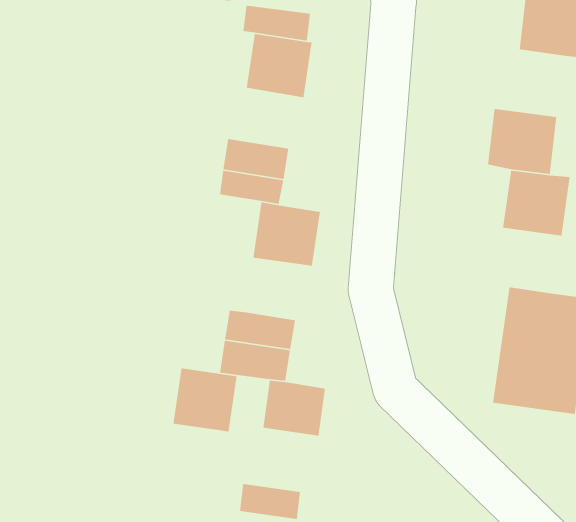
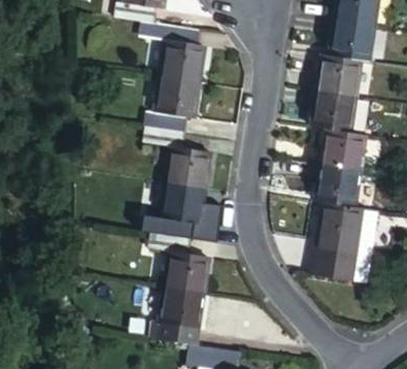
building: none -> [316,54,361,96]
building: none -> [158,78,199,115]
building: none -> [317,165,359,205]
building: none -> [162,183,204,223]
building: [173,368,237,433] -> [168,289,208,329]

